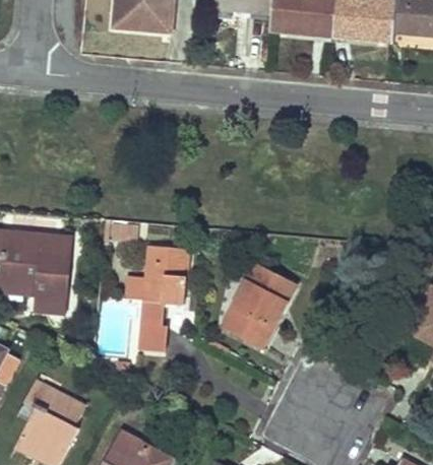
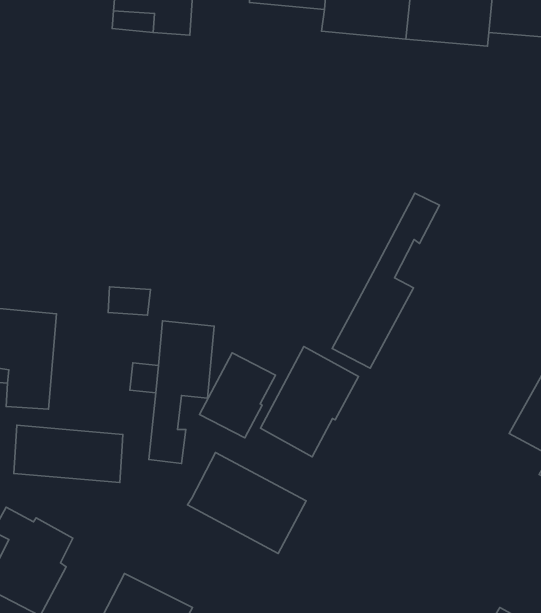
building: none -> [332,193,439,368]
building: none -> [199,353,275,438]
building: none -> [14,425,123,483]
building: none -> [187,452,306,553]

